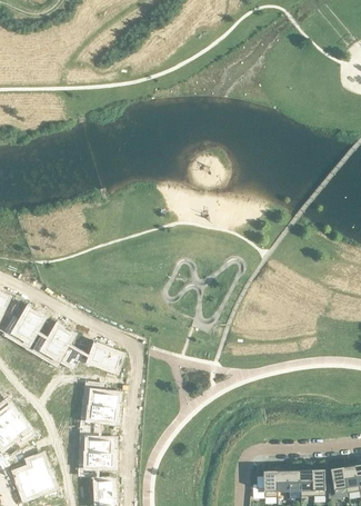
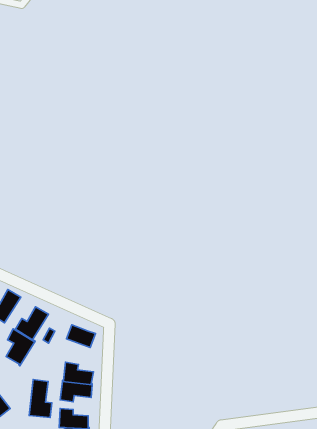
building: none -> [6,329,35,366]
building: none -> [29,379,52,418]

